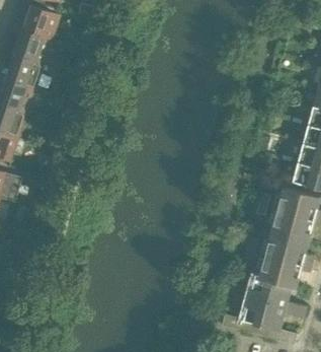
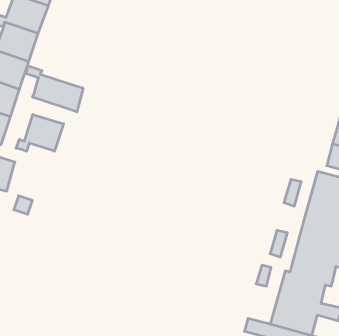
building: none -> [25,65,83,112]
building: none -> [16,114,64,151]

